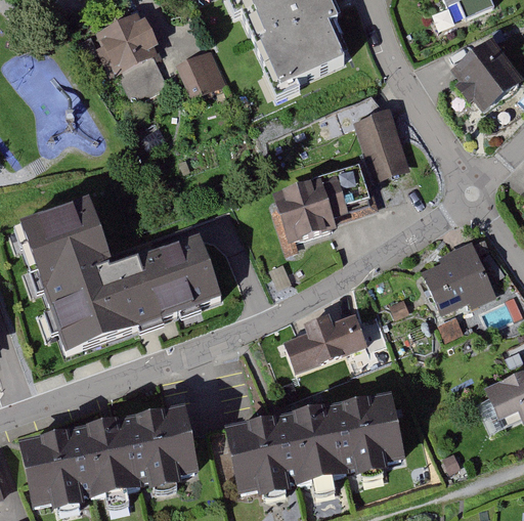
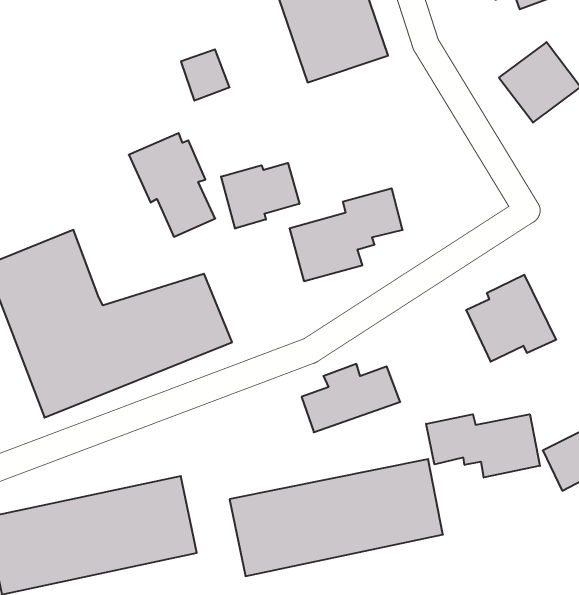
building: [95,13,168,100] -> [129,133,215,237]
building: [356,112,408,180] -> none
building: none -> [221,163,299,229]
building: none -> [426,414,540,478]

